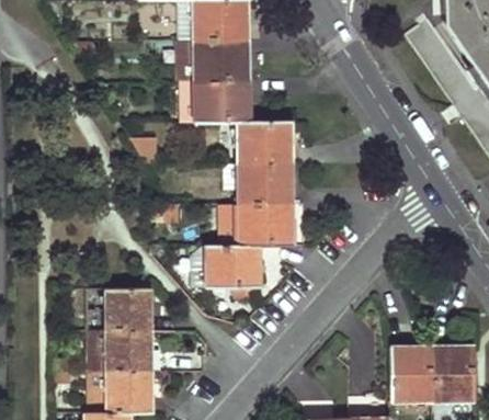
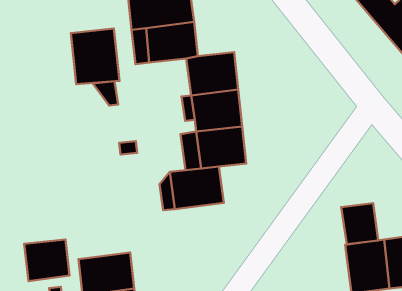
building: none -> [71,29,120,84]
building: [106,288,152,330] -> [24,239,69,281]
building: none -> [341,203,378,244]

